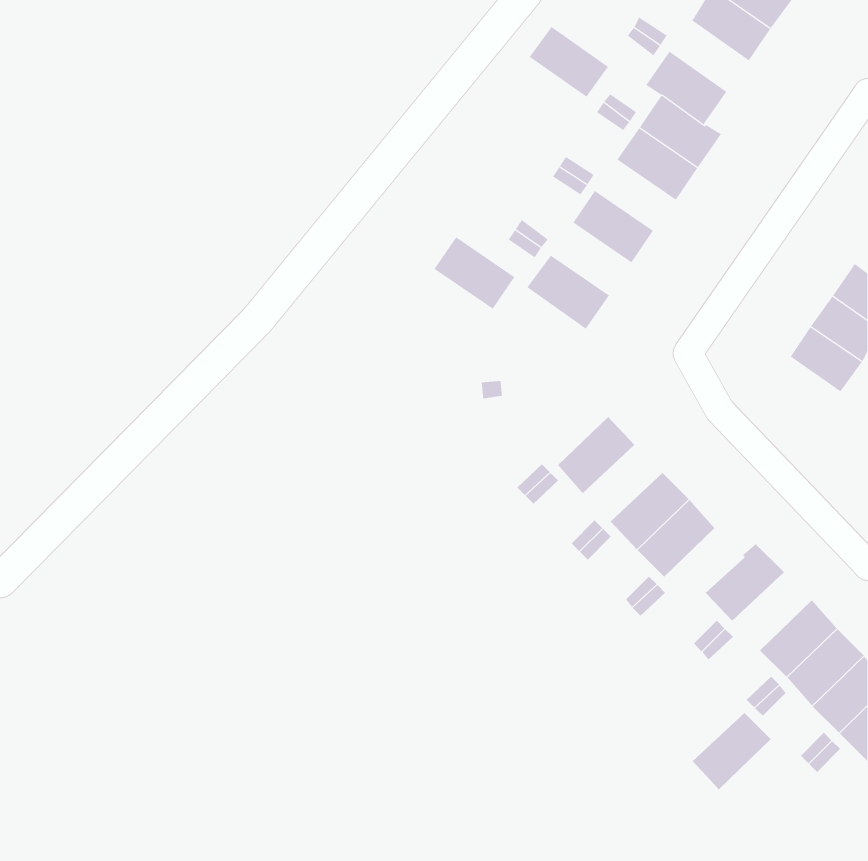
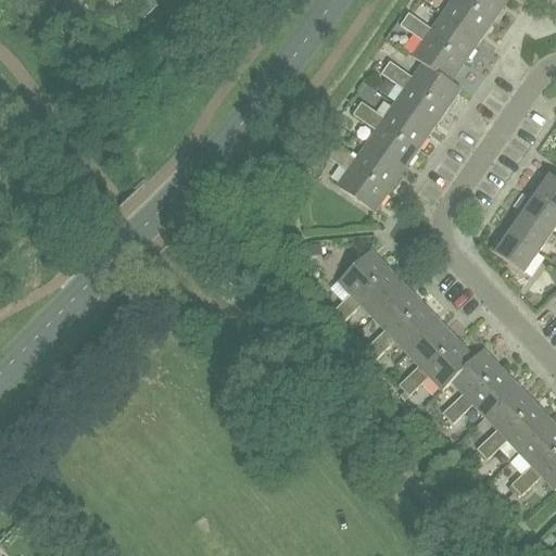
building: [529,26,609,97] -> [428,13,479,59]
building: none -> [380,102,432,148]
building: [434,237,515,310] -> [352,142,404,189]
building: none -> [491,228,538,271]
building: none -> [338,248,389,298]
building: none -> [372,285,424,333]
building: none -> [425,338,476,389]
building: [692,712,772,790] -> [468,366,519,416]

